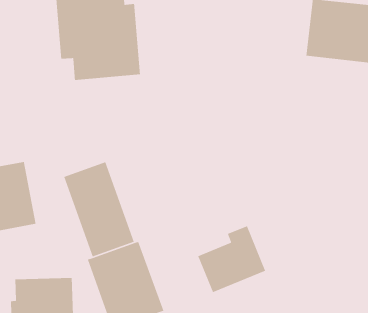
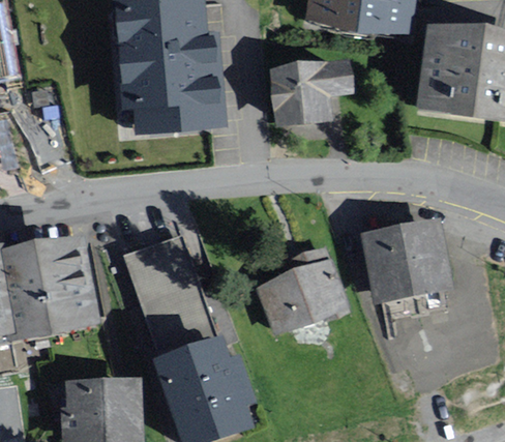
building: none -> [273,70,349,128]
building: none -> [365,218,449,290]
building: [197,225,266,293] -> [261,245,345,328]

